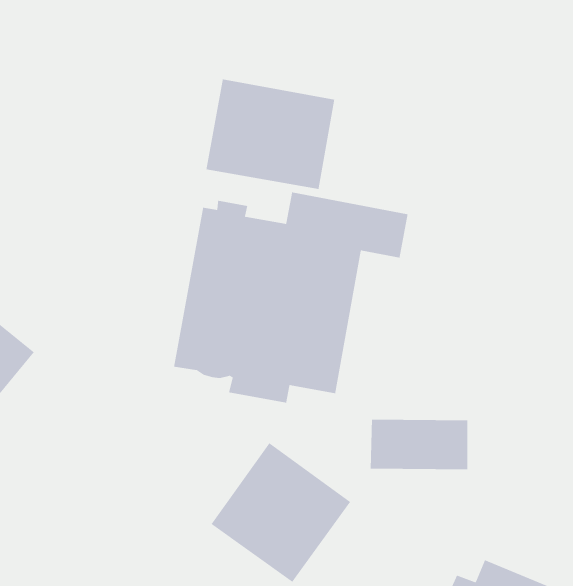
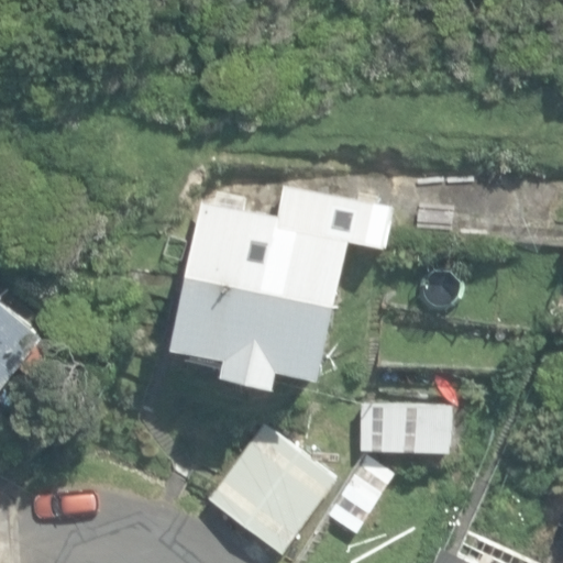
building: [205,78,335,190] -> none

